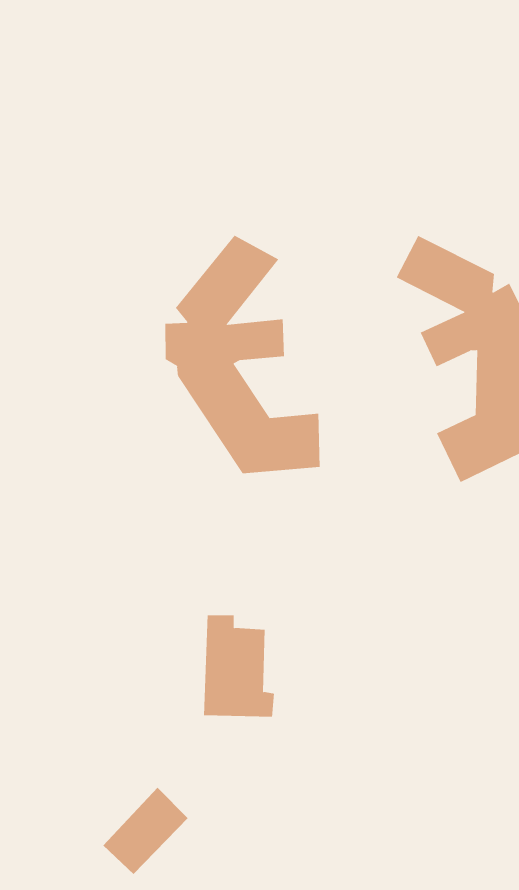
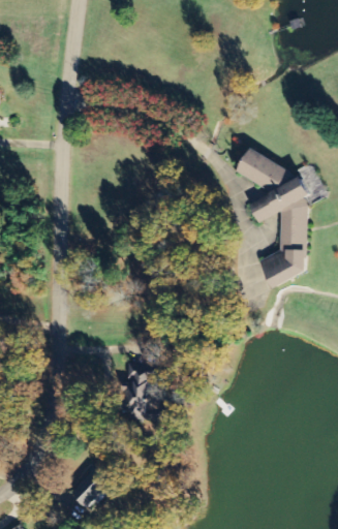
building: [165,235,320,474] -> none

